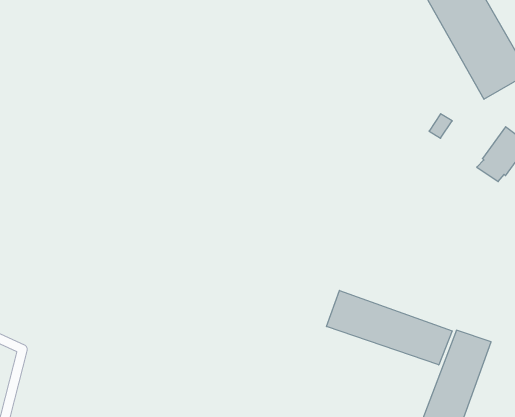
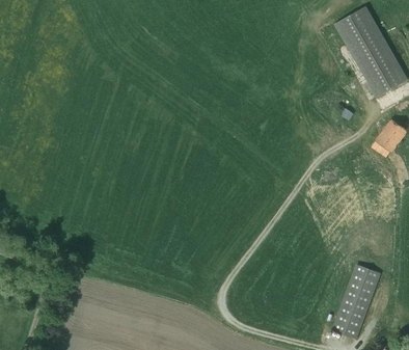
building: [327,290,452,365] -> none

